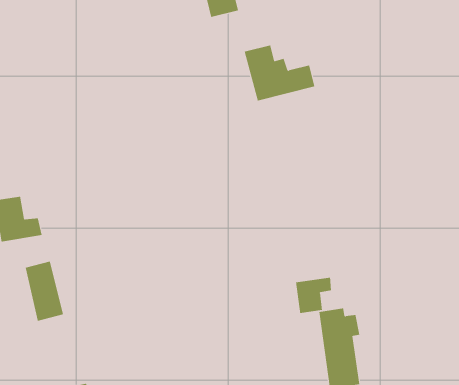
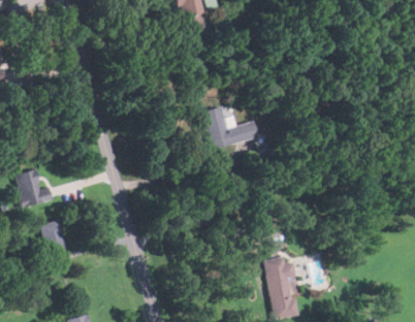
building: [244,45,315,101] -> [201,105,256,149]
building: [295,277,332,314] -> none

